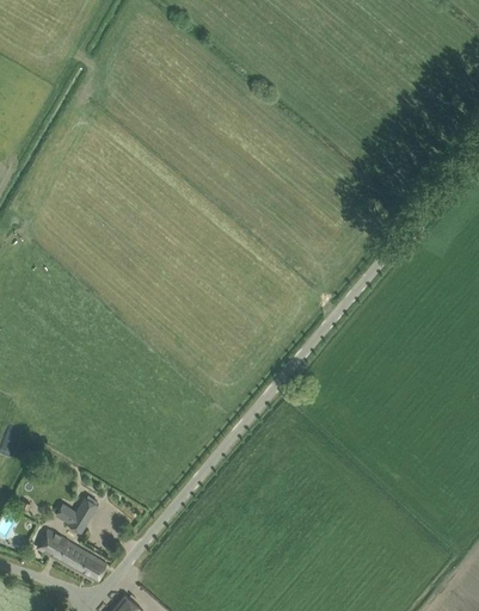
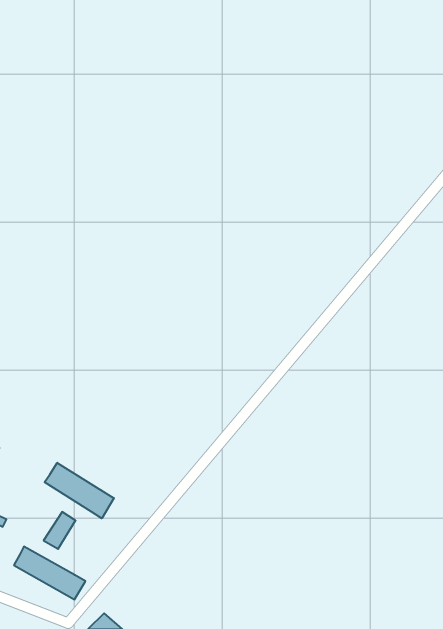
building: none -> [45,463,114,518]

